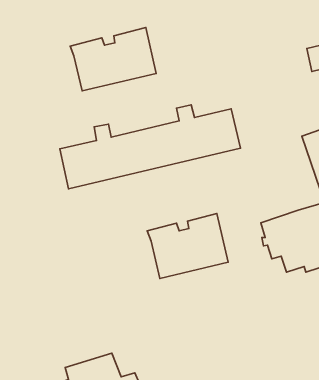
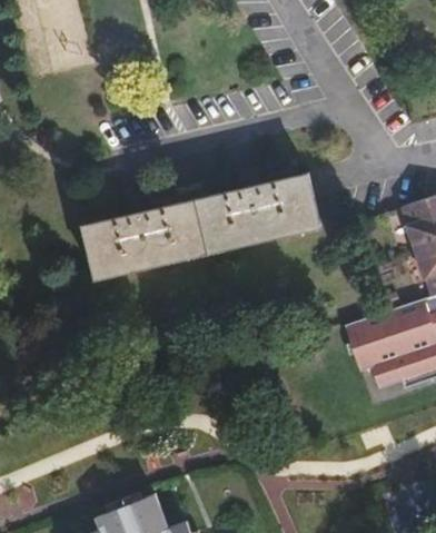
building: [70,28,156,91] -> none
building: [147,214,228,278] -> none

